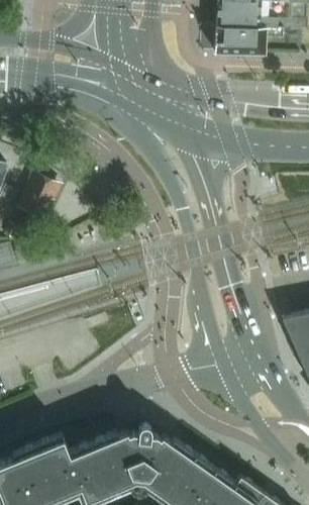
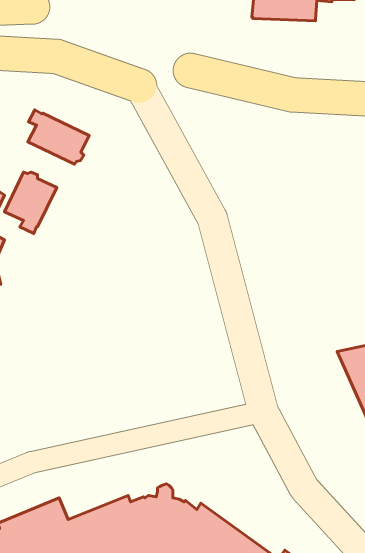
building: none -> [28,110,89,164]

